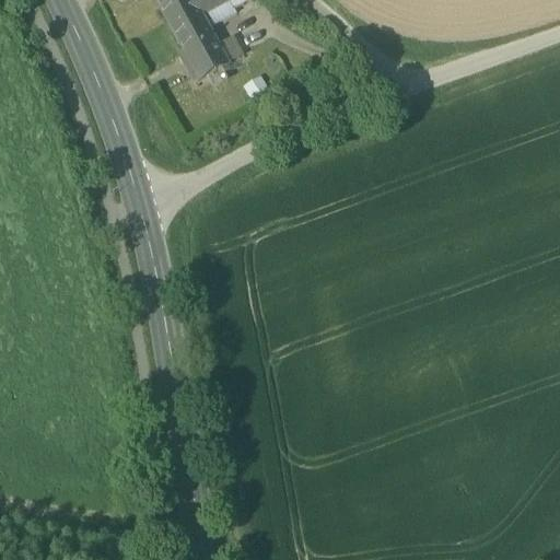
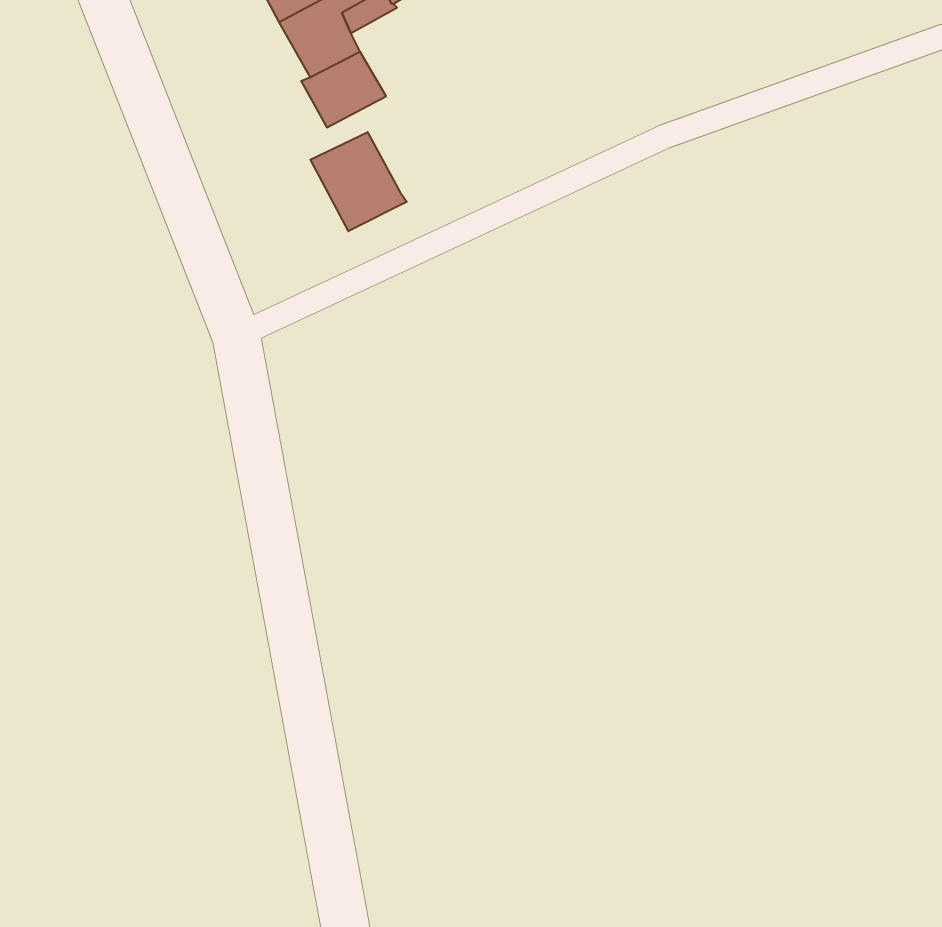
building: none -> [310,132,407,231]

